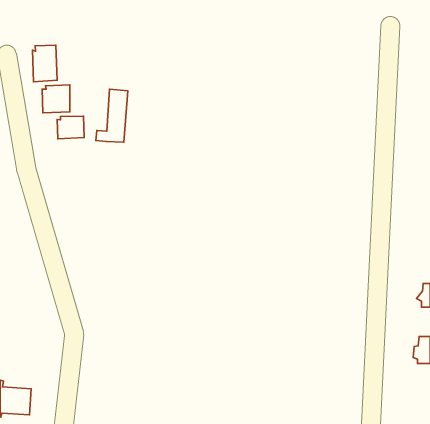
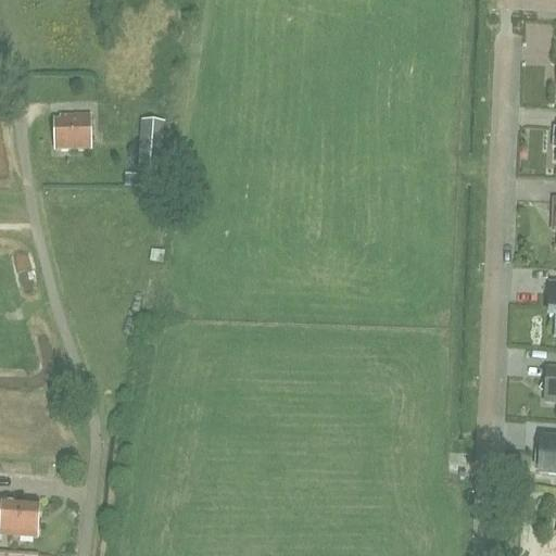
building: [32,45,57,82] -> none
building: [57,116,84,139] -> none

